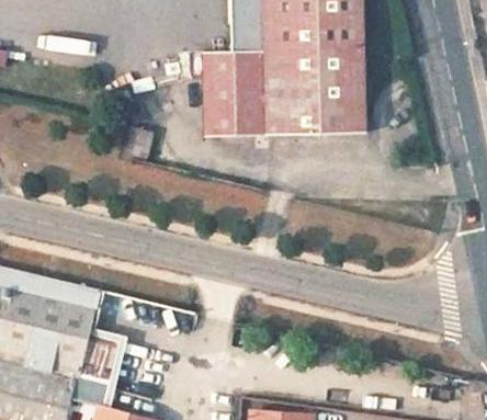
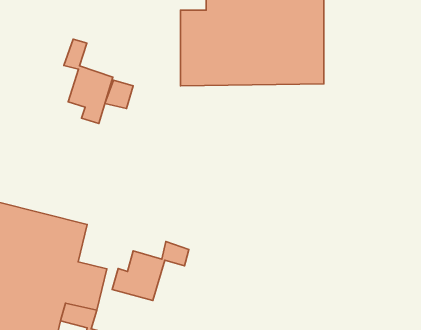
building: none -> [64,39,113,124]
building: none -> [112,242,189,300]

